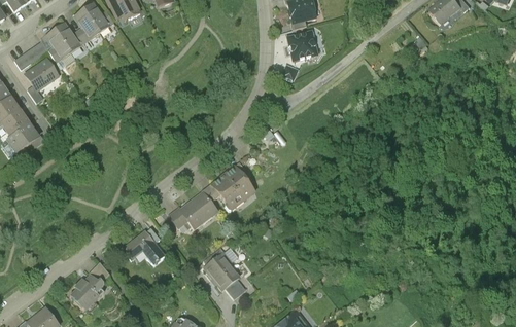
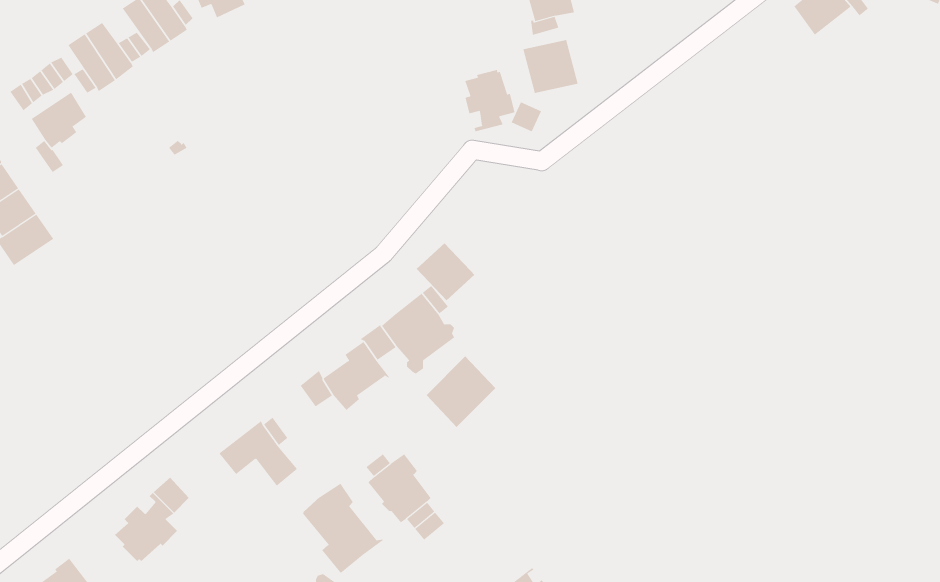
building: none -> [464,69,515,132]
building: none -> [416,242,475,301]
building: none -> [426,355,496,428]
building: none -> [303,483,385,574]

